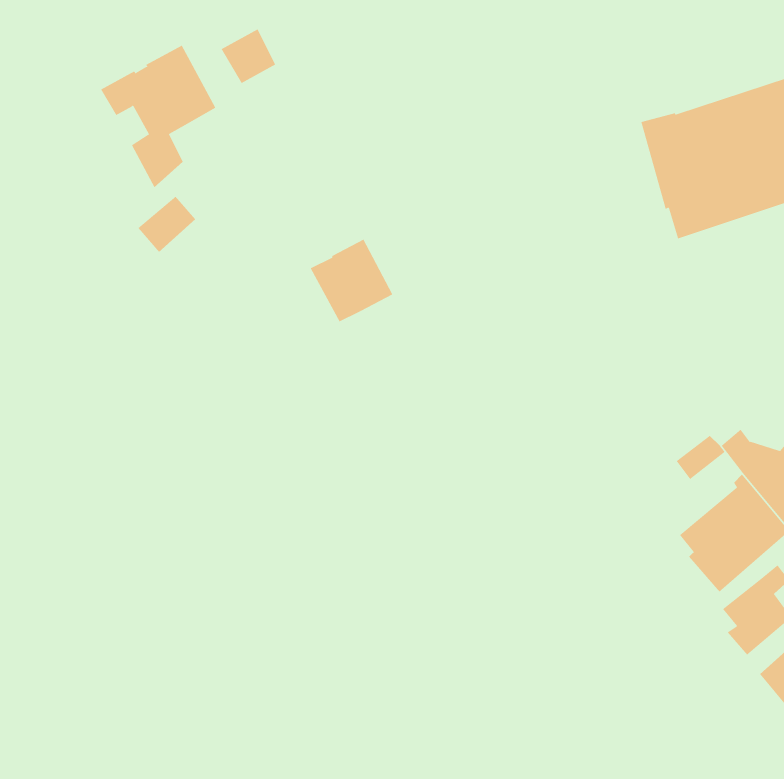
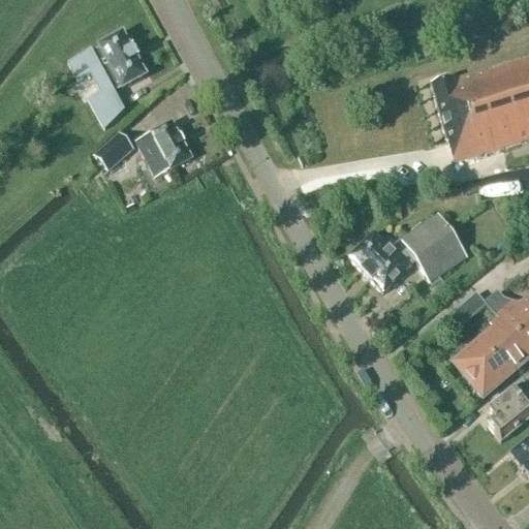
building: [221,29,276,84] -> none
building: [310,239,393,322] -> [137,120,193,176]
building: none -> [350,212,468,291]

